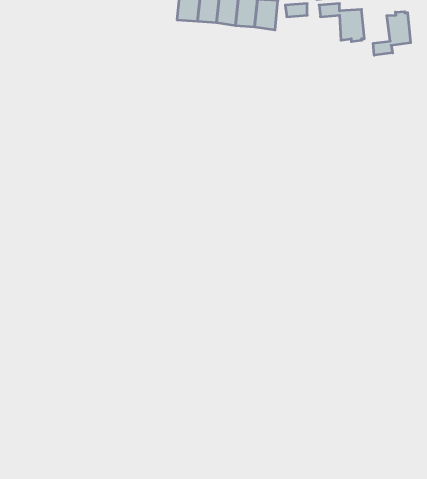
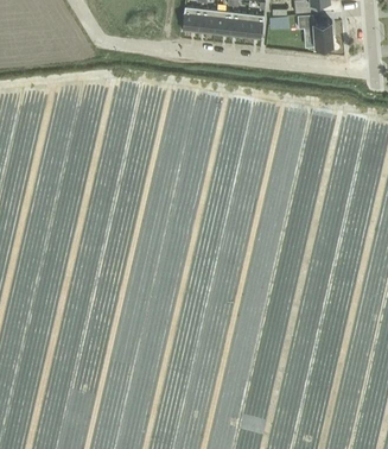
building: [373,12,411,55] -> none

